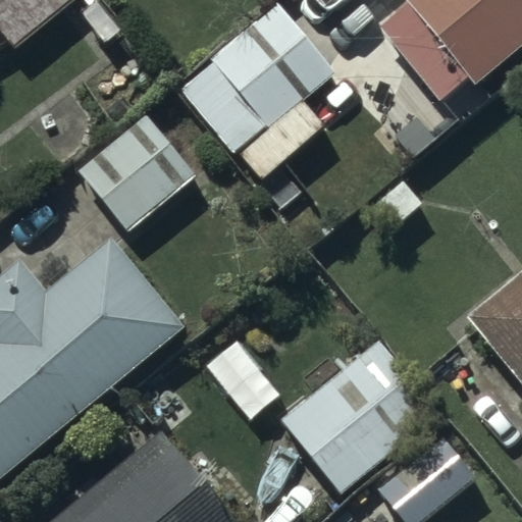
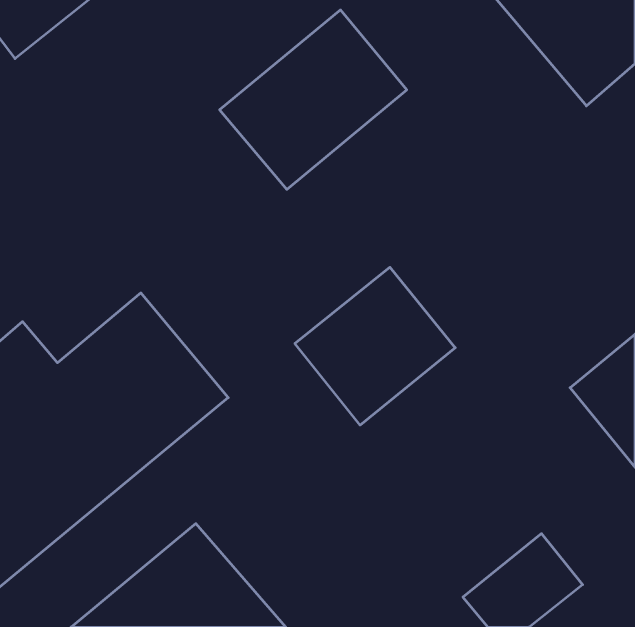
building: [76,115,195,231] -> none
building: none -> [295,267,455,425]
building: [278,338,441,495] -> none

